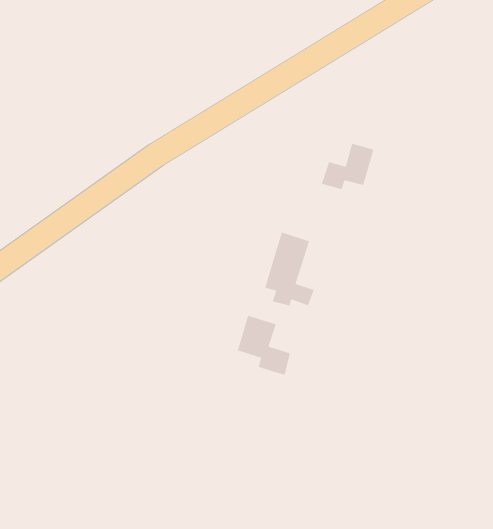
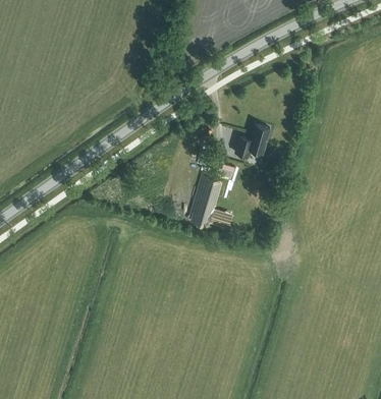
building: [237,315,291,376] -> none

